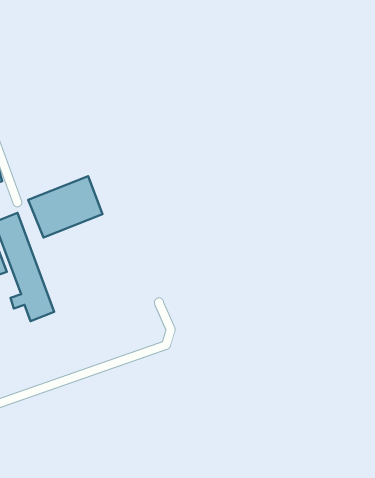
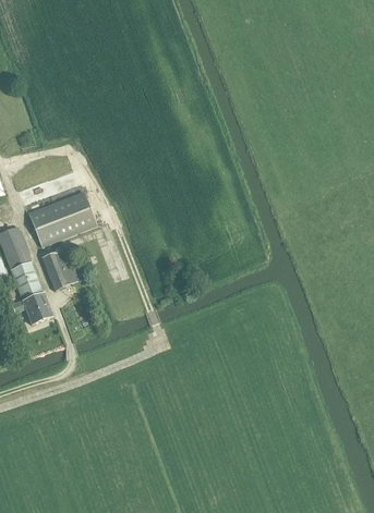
building: none -> [41,247,86,290]

